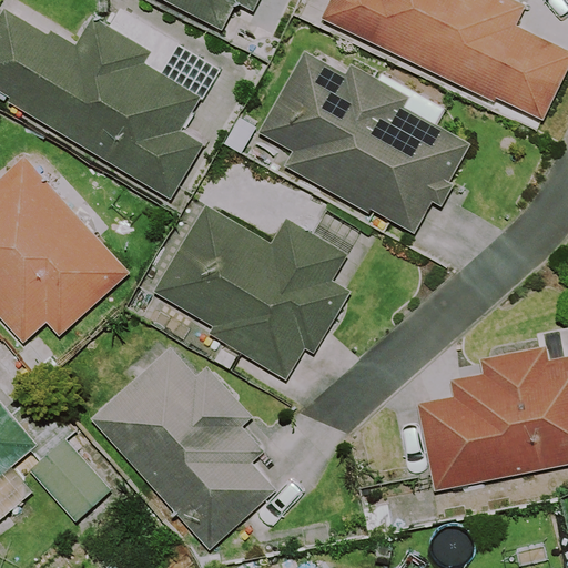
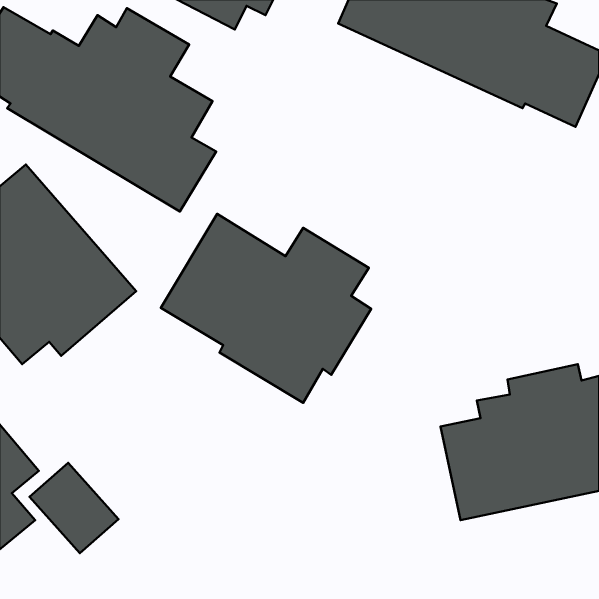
building: [258,49,470,233] -> none
building: [90,345,276,550] -> none

